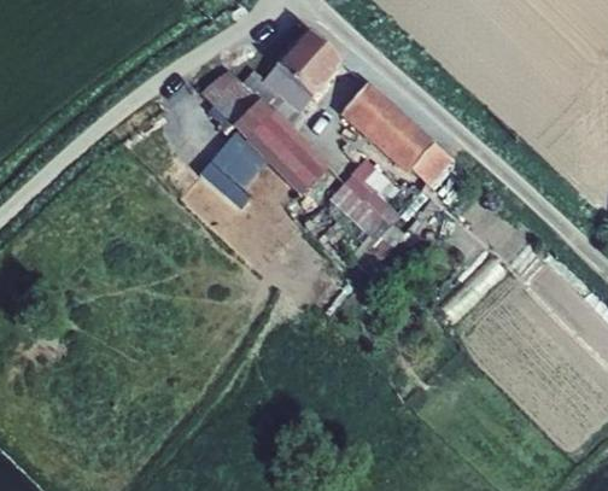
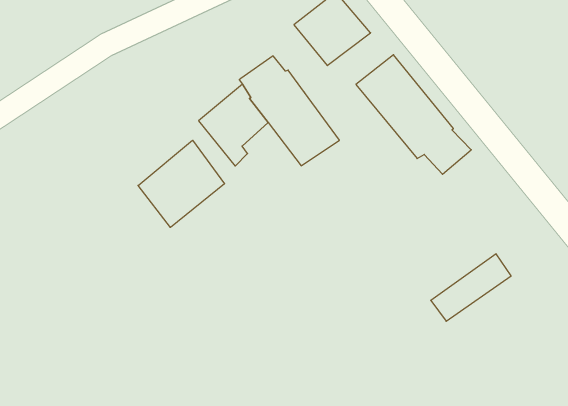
building: [200,68,310,128] -> none
building: [328,157,404,270] -> none
building: none -> [138,140,225,227]

